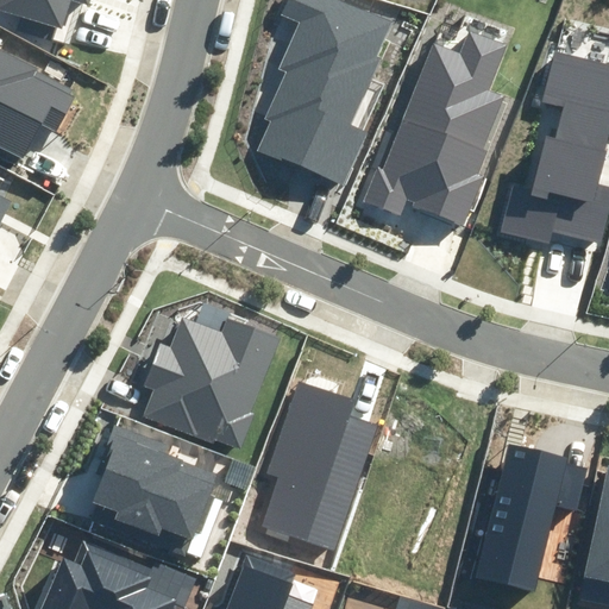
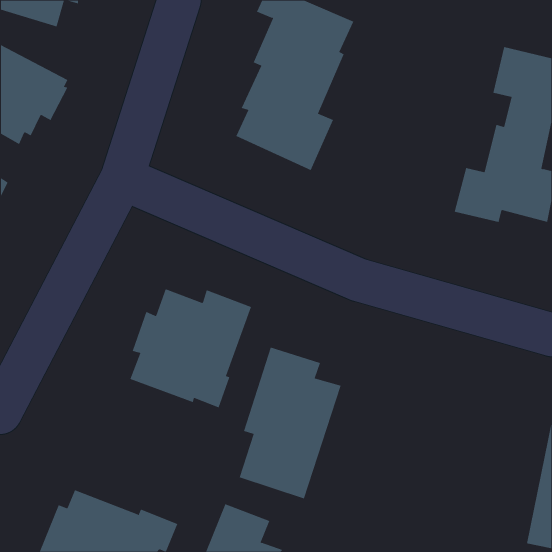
building: [364,31,507,227] -> none
building: [88,423,215,554] -> none
building: [477,444,585,592] -> none

